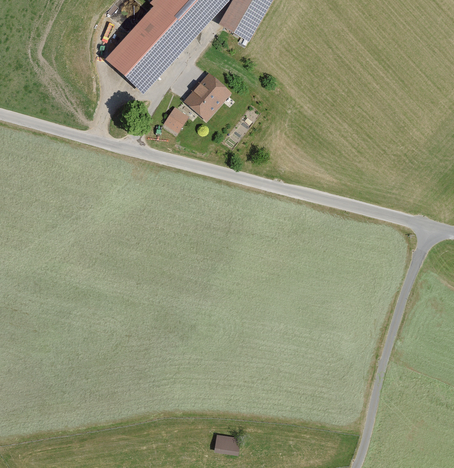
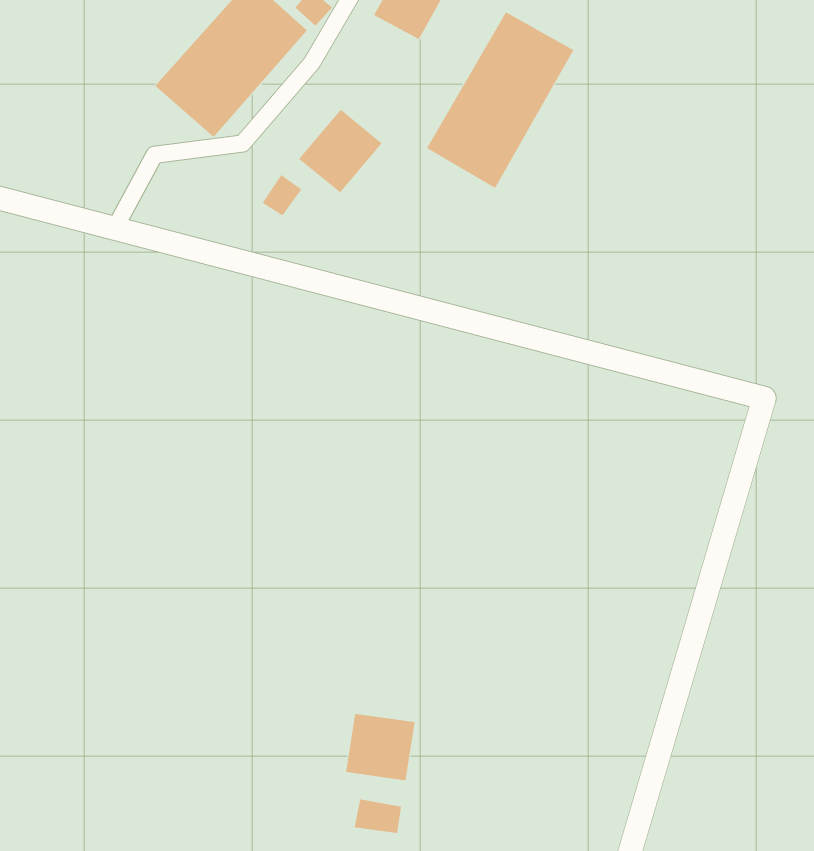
building: none -> [426,11,574,189]
building: none -> [345,713,415,781]

